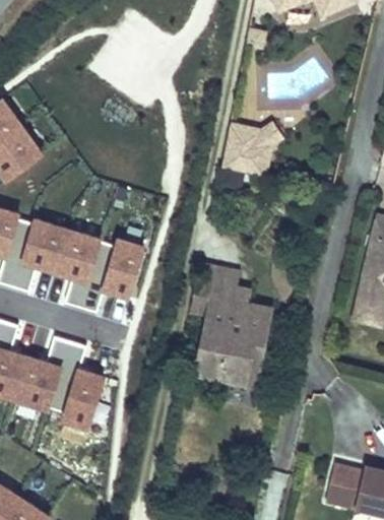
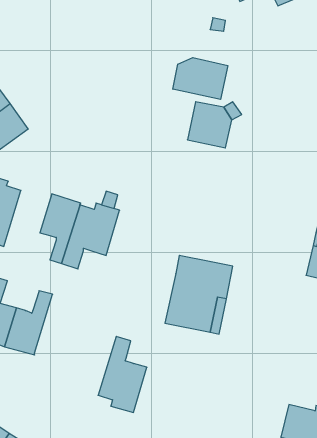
building: none -> [173,58,228,99]
building: [14,217,68,291] -> none
building: [191,265,250,317] -> none
building: [49,340,104,426] -> [98,336,147,412]

